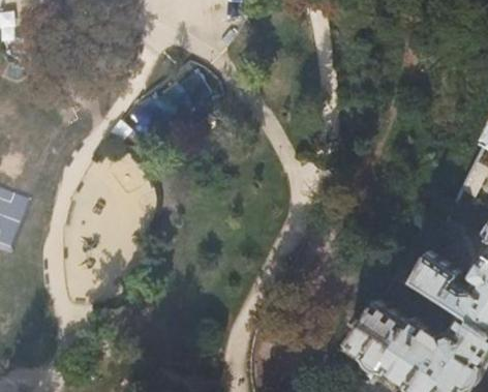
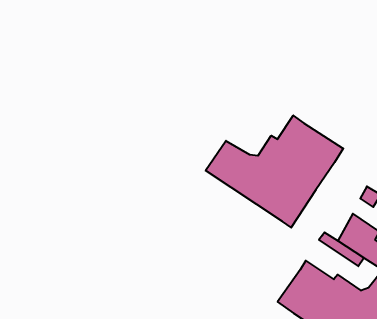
building: none -> [206,115,343,228]

